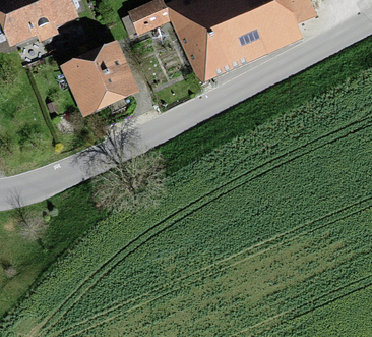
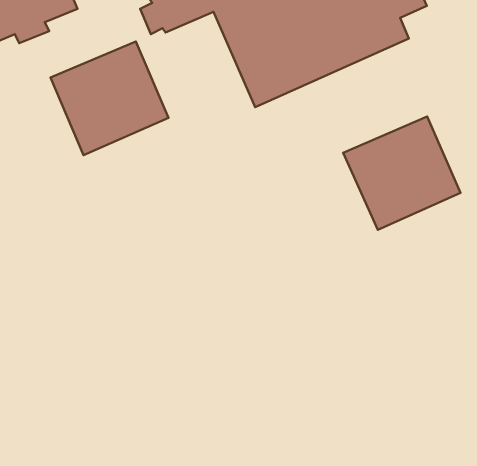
building: none -> [343,117,461,230]

